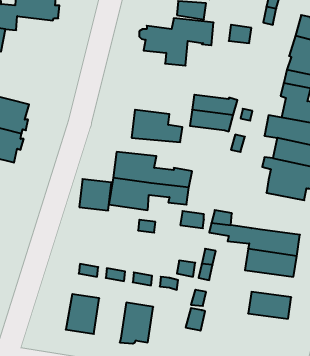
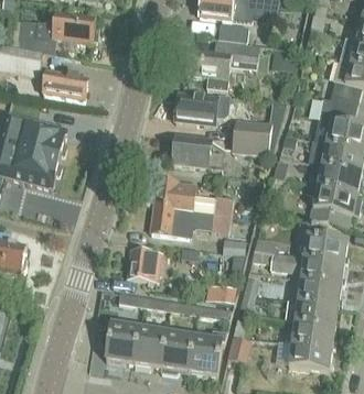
building: none -> [43,69,87,99]
building: none -> [174,91,228,124]
building: [79,179,112,210] -> [127,248,160,280]
building: none -> [295,220,347,262]
building: none -> [285,298,338,326]
building: none -> [133,327,167,368]
building: none -> [189,330,225,376]
building: none -> [289,342,332,370]

